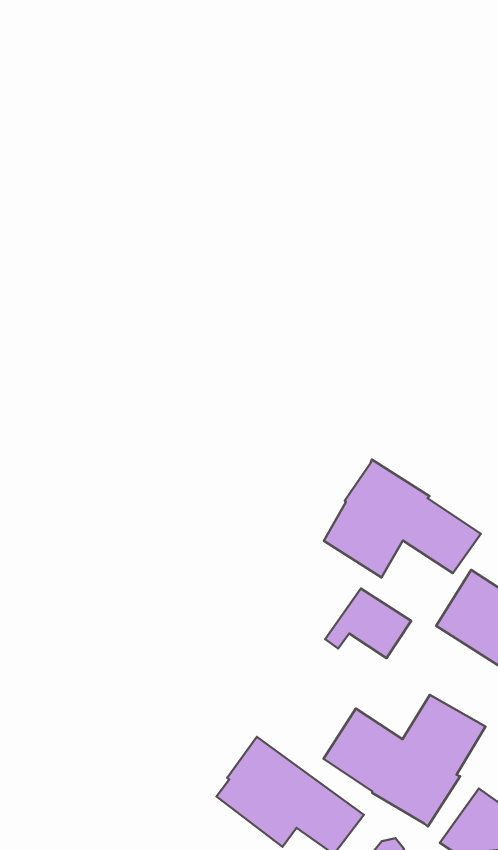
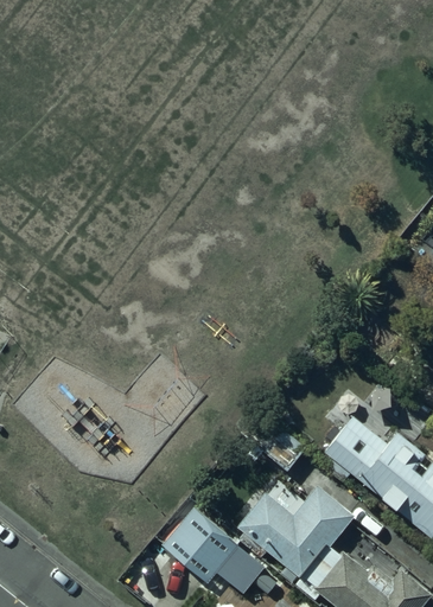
building: [324,460,481,577] -> none

